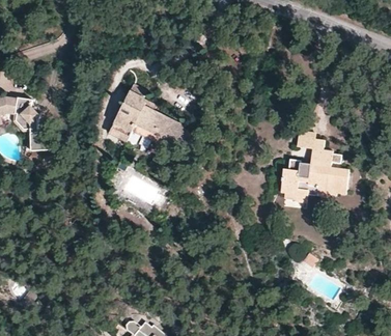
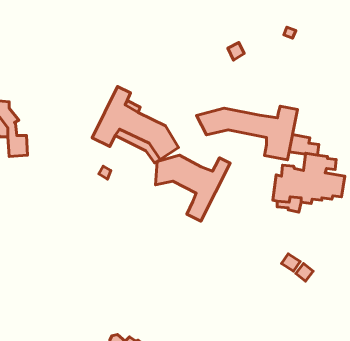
building: none -> [196,106,297,160]
building: none -> [156,155,230,221]

